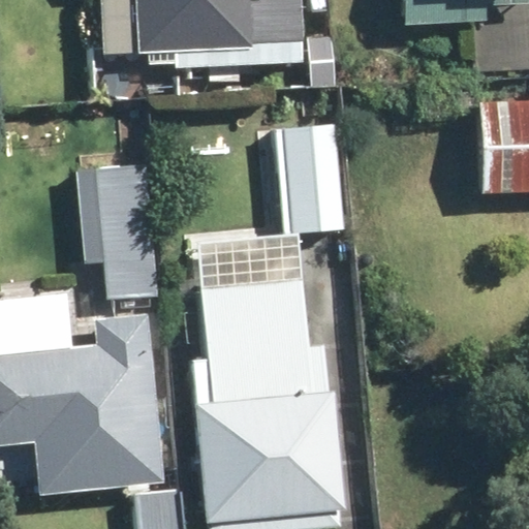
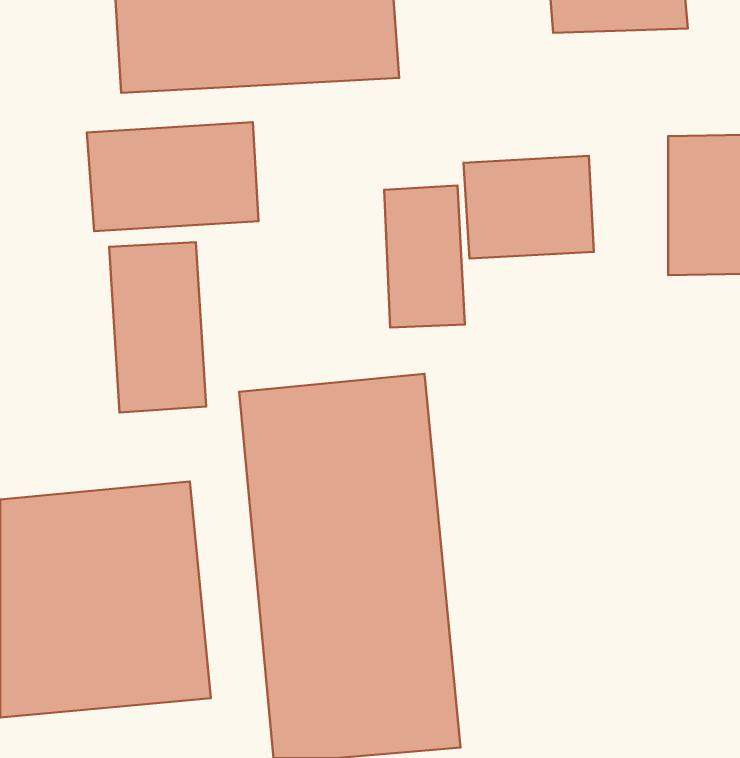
building: none -> [87,122,258,231]
building: none -> [463,156,594,259]

